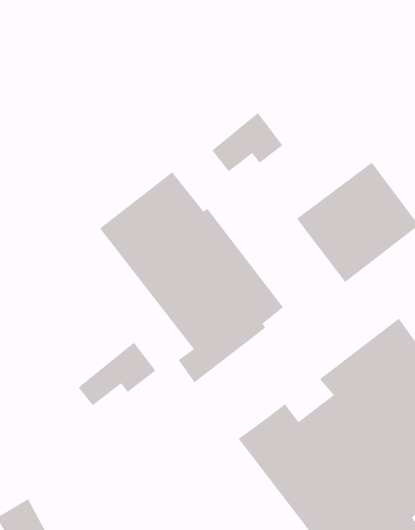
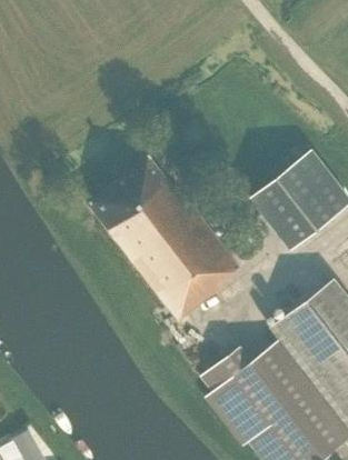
building: [212,112,283,172] -> none
building: [78,342,156,406] -> none

